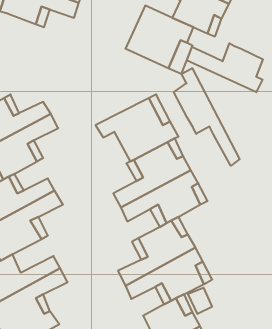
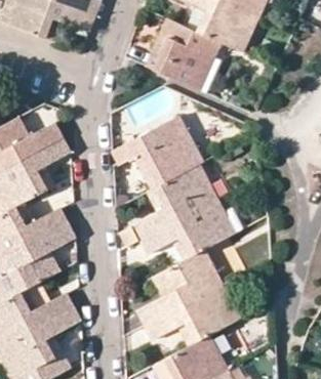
building: [187,43,263,92] -> none
building: [174,68,240,166] -> none

